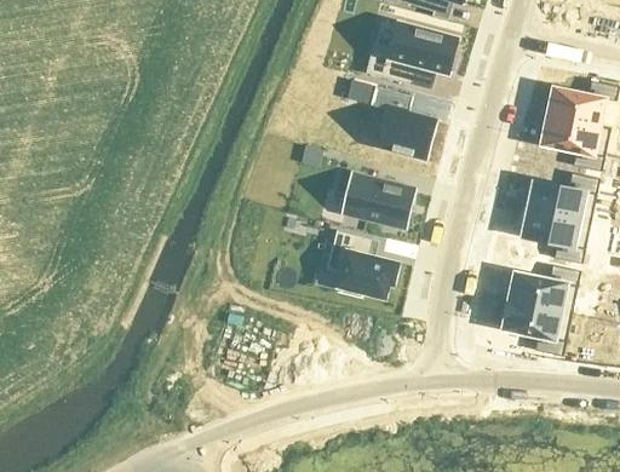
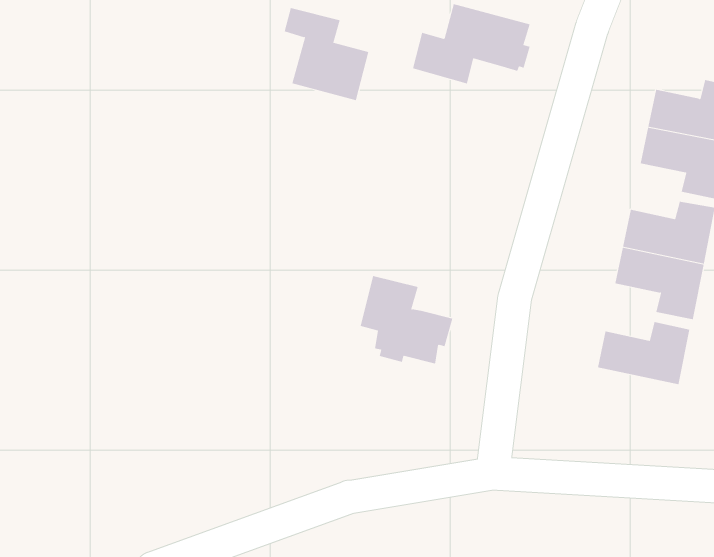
building: [367,85,432,156] -> [284,8,369,101]
building: [340,173,412,225] -> none
building: [500,299,569,355] -> none

